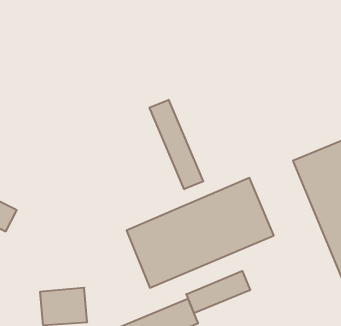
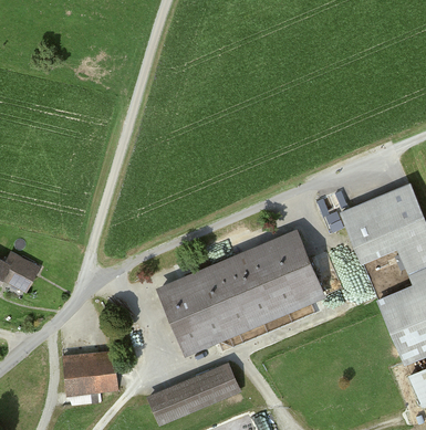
building: [150,100,203,189] -> none
building: [186,271,250,313] -> none

